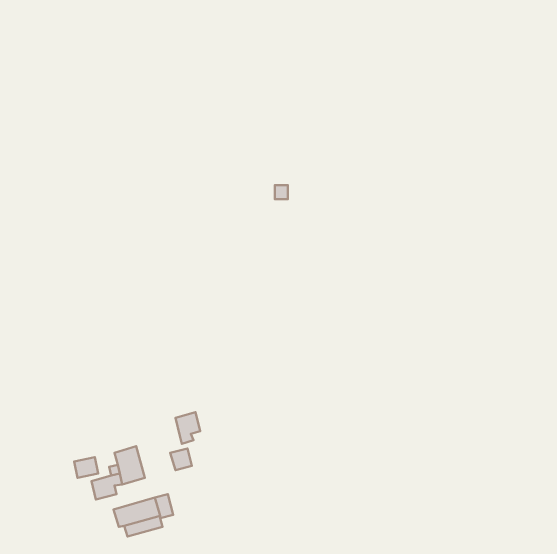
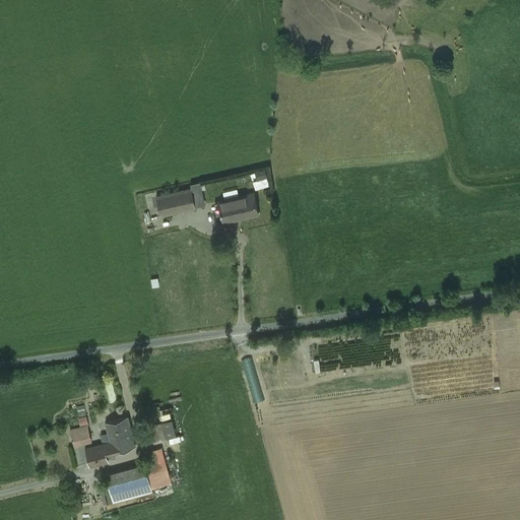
building: none -> [156,190,196,217]
building: none -> [219,196,259,224]
building: [176,412,200,444] -> none

